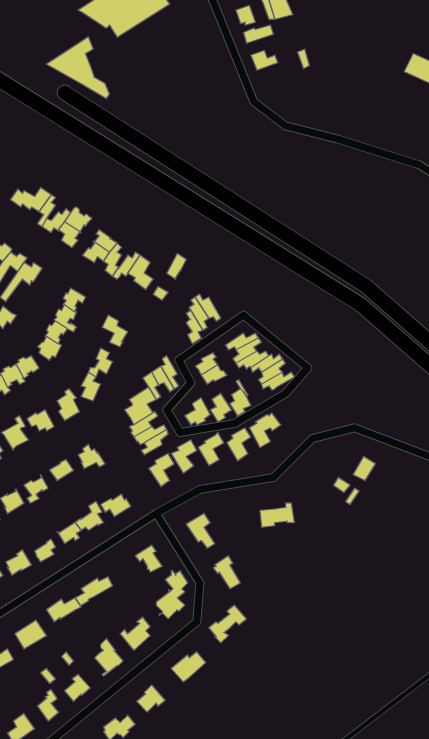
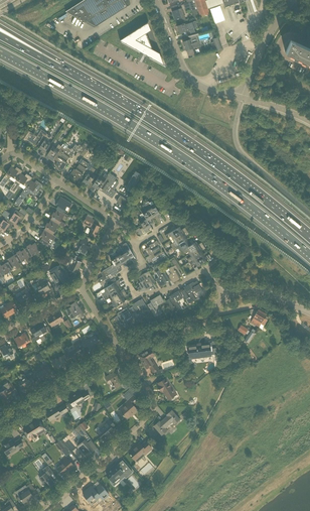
building: [46,37,110,99] -> [119,21,161,62]

